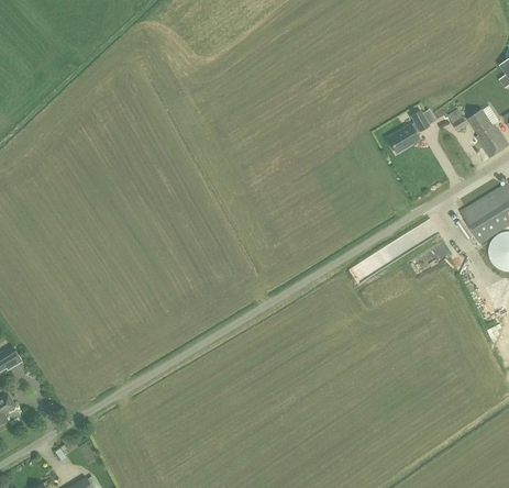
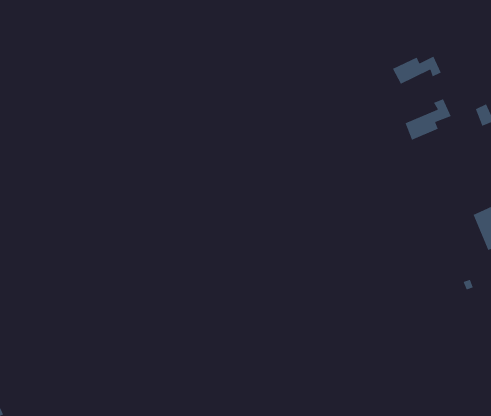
building: none -> [392,56,442,85]

